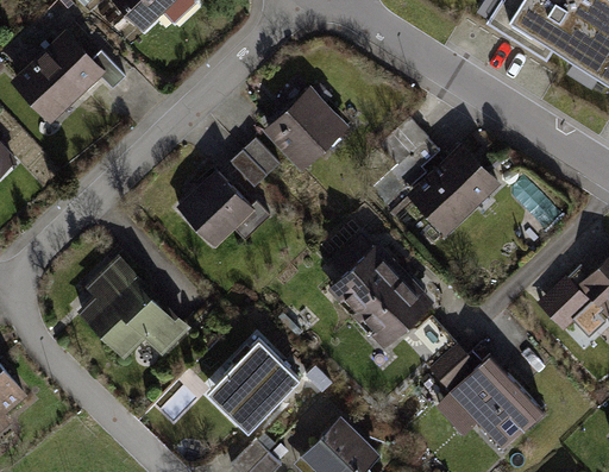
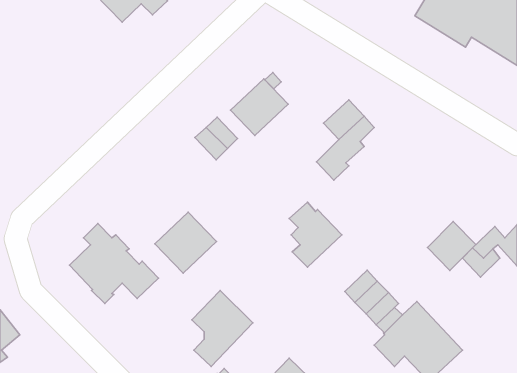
building: [18,38,126,118] -> none
building: [414,150,495,229] -> none
building: [180,174,252,245] -> [155,212,217,273]
building: none -> [427,222,476,270]
building: [362,277,429,350] -> none

